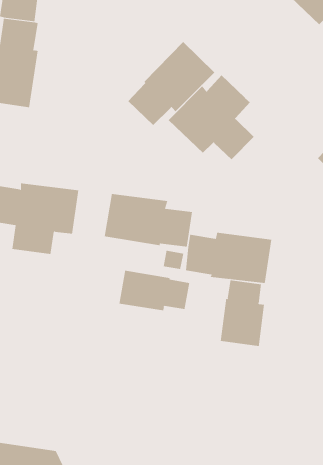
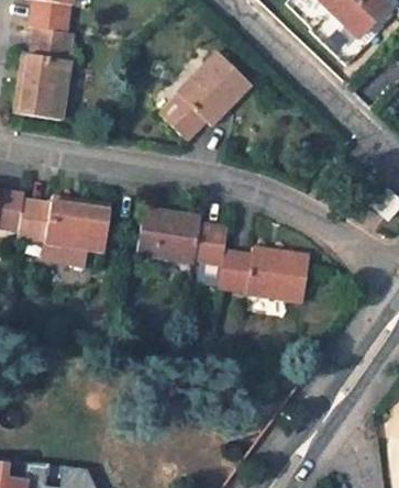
building: [168,74,254,160] -> none
building: [119,270,190,311] -> none
building: [220,279,264,347] -> none

